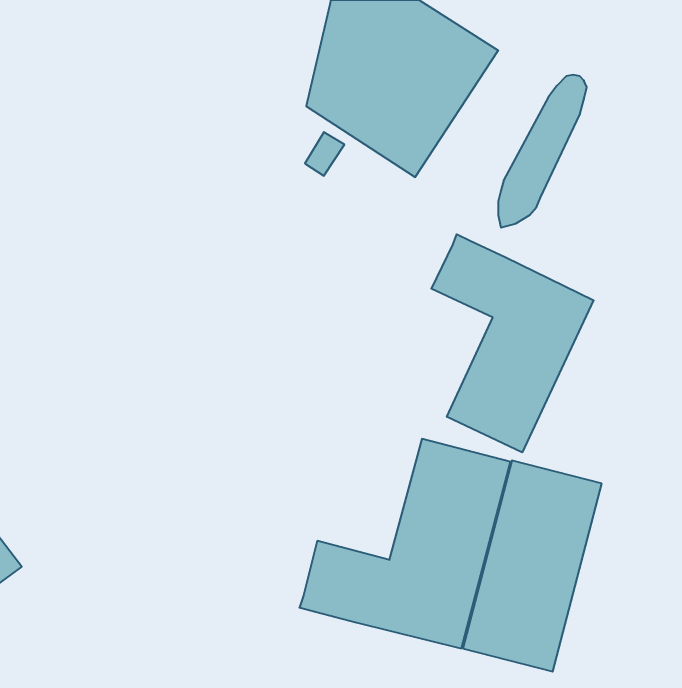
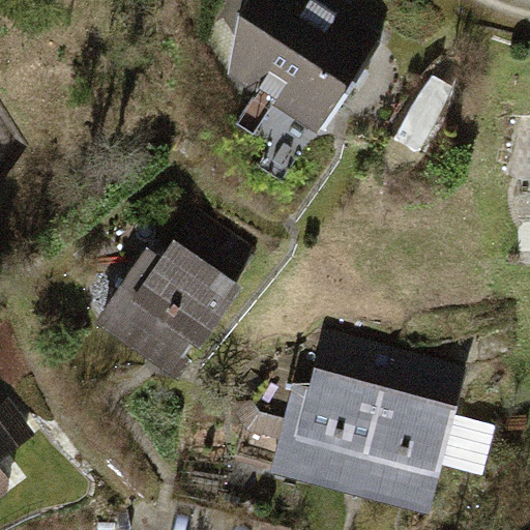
building: [431,234,594,452] -> none
building: none -> [99,222,246,375]

